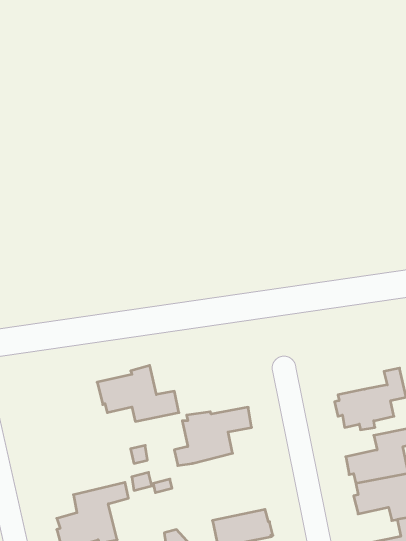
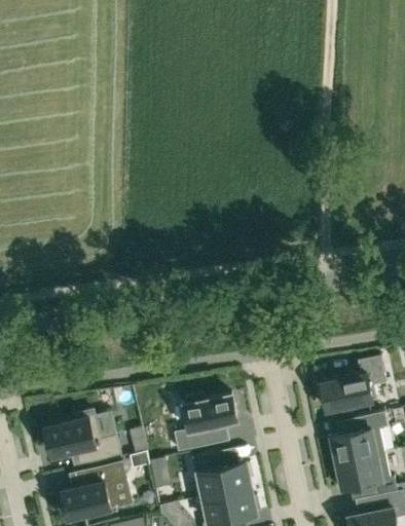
building: [97,365,179,421] -> [44,412,119,463]
building: none -> [191,452,252,497]

